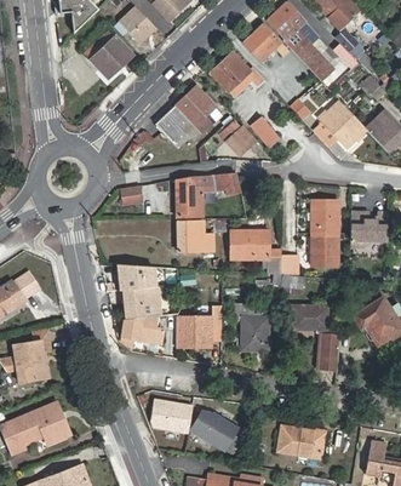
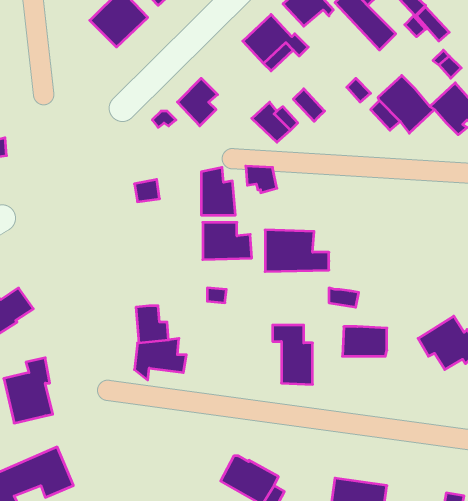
building: [176,84,217,131] -> none
building: [311,200,338,265] -> none
building: [349,210,388,245] -> none
building: [116,264,155,290] -> none
building: [177,308,222,347] -> none
building: [315,325,338,372] -> none
building: [150,400,193,434] -> none

